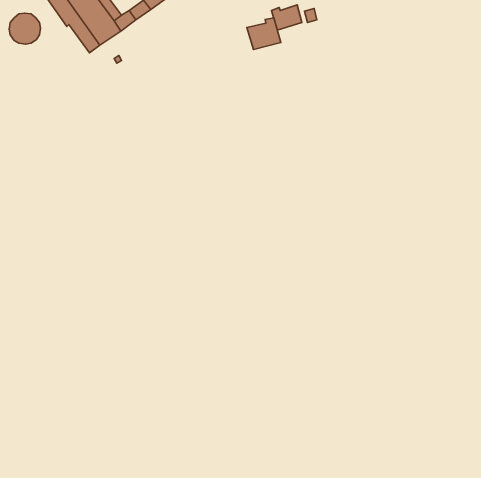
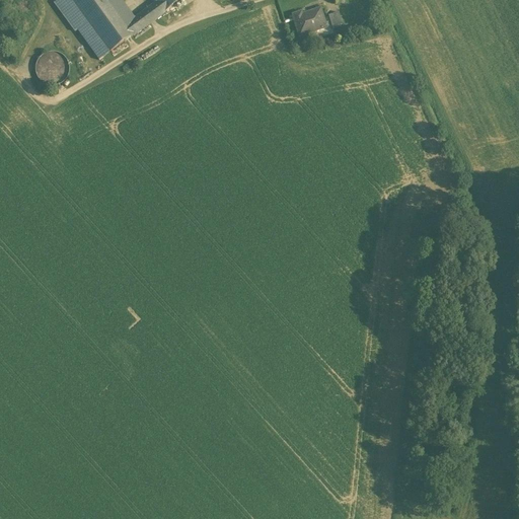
building: [9,13,40,44] -> [34,47,68,80]
building: [247,18,281,50] -> none

